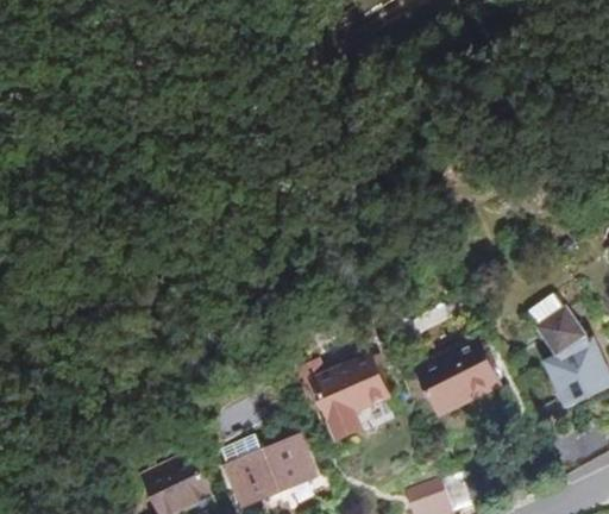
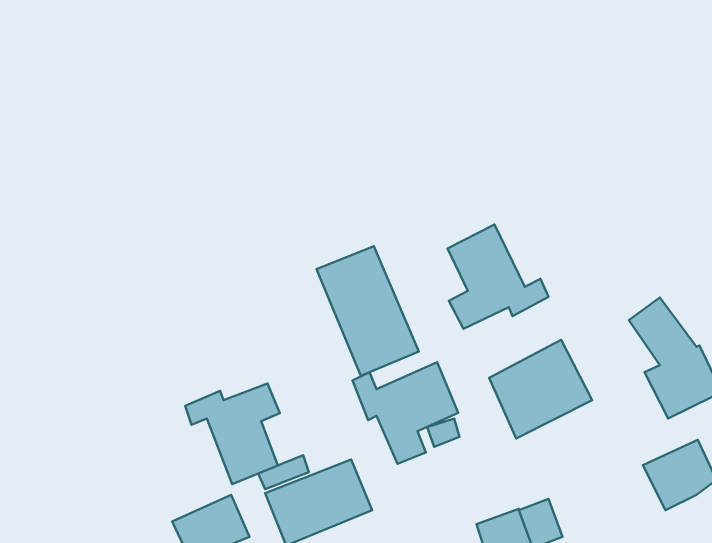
building: none -> [448,225,548,329]
building: none -> [317,246,419,376]
building: none -> [185,384,280,484]

